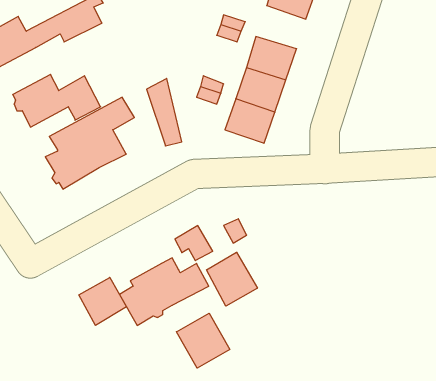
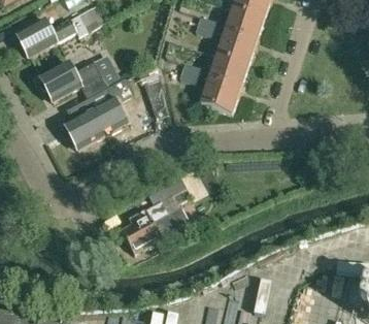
building: none -> [226,8,264,41]
building: [207,252,257,306] -> none
building: [79,277,126,325] -> none
building: [176,313,230,368] -> none

